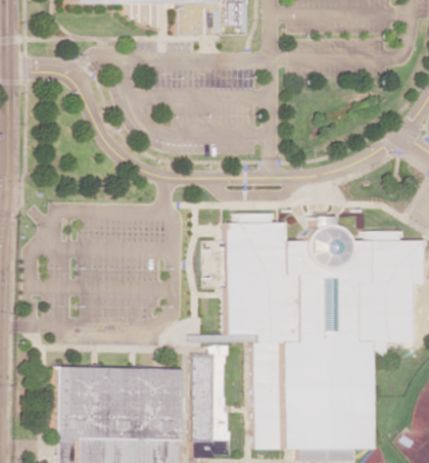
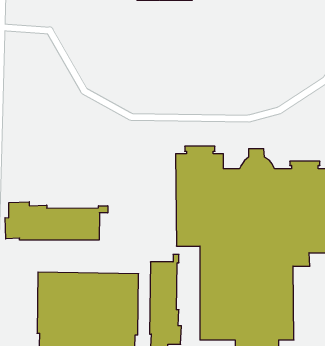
building: none -> [5,202,108,240]

